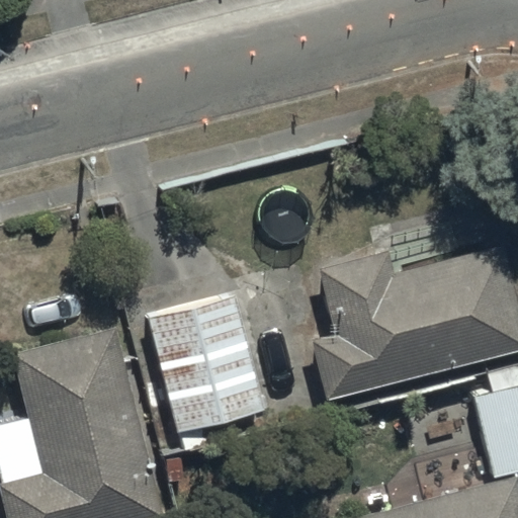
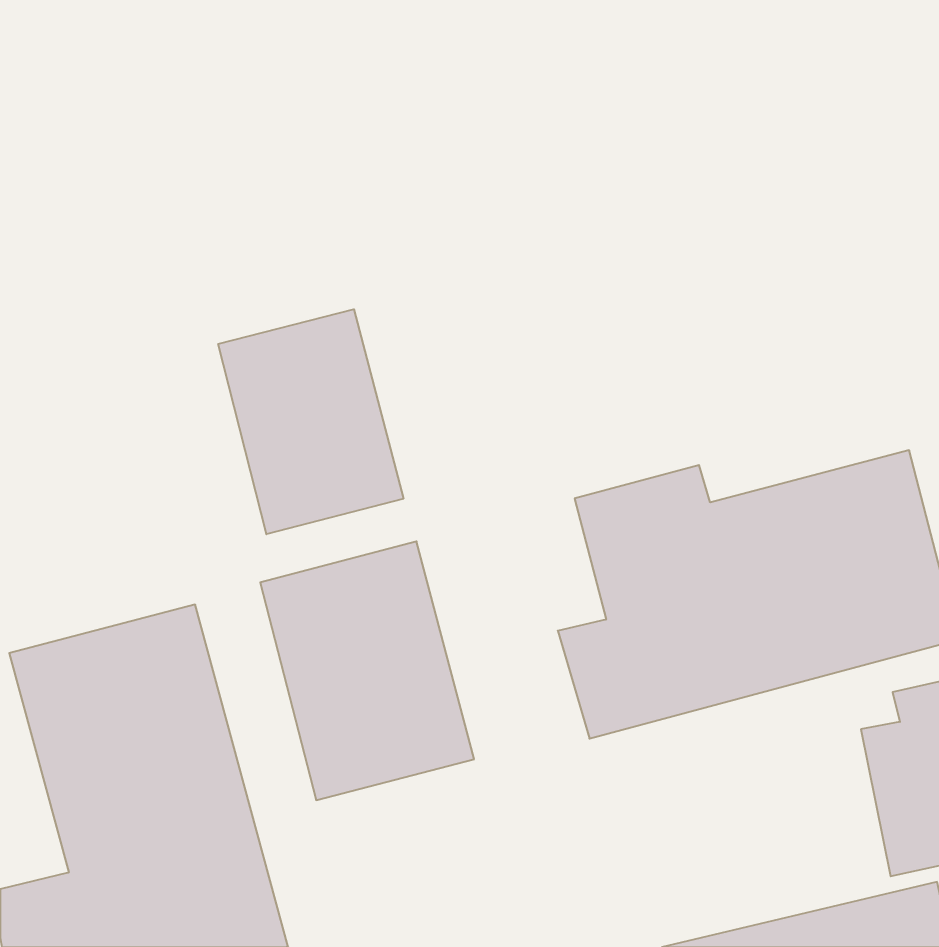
building: none -> [218,309,403,534]

